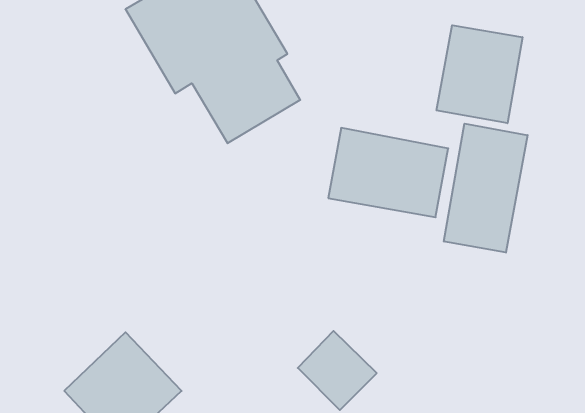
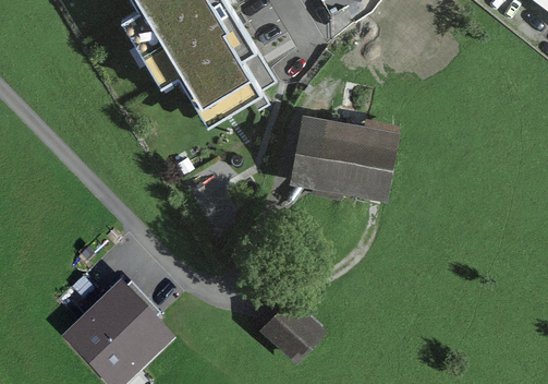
building: [437,25,522,123] -> none
building: [444,124,528,253] -> none

